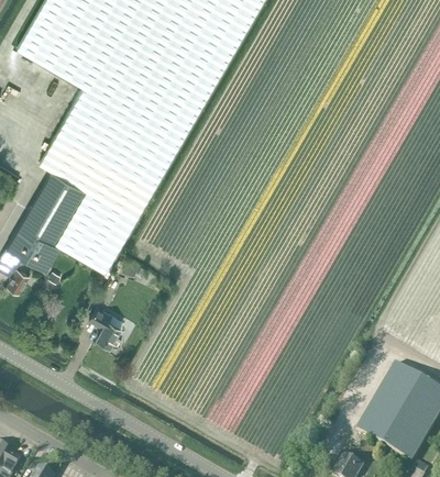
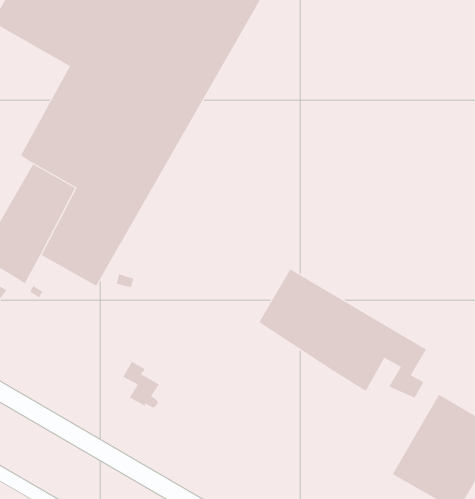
building: none -> [259,269,427,398]
building: [91,306,123,345] -> [122,361,160,408]

